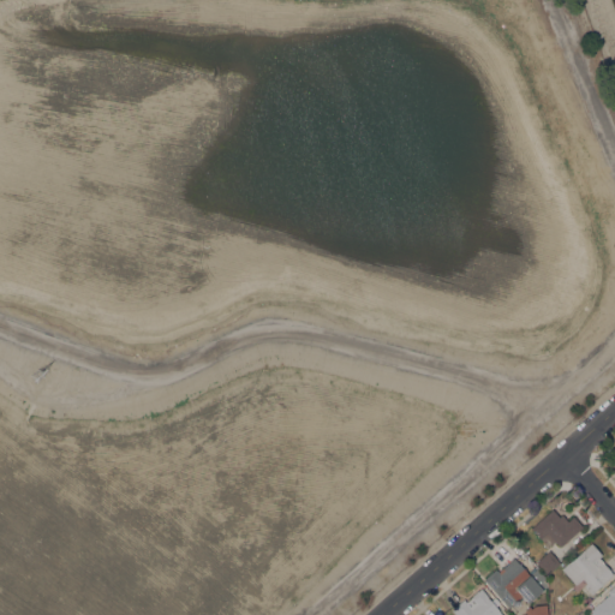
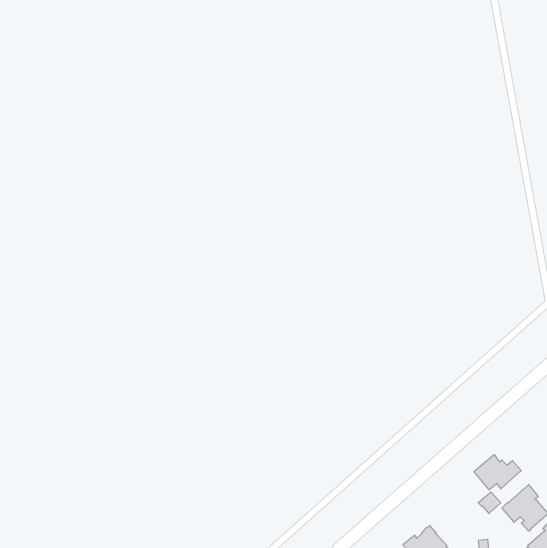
building: [485,559,550,609] -> none

